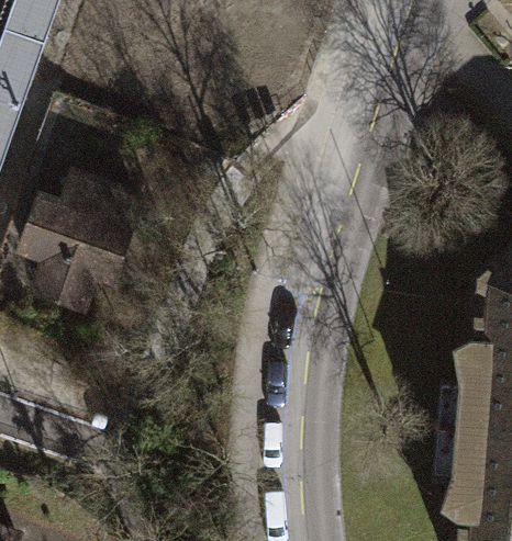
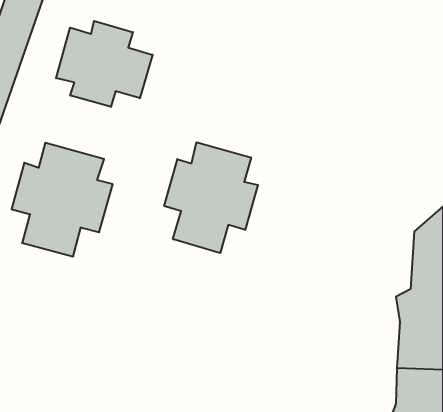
building: none -> [56,21,153,107]
building: none -> [164,142,258,253]

